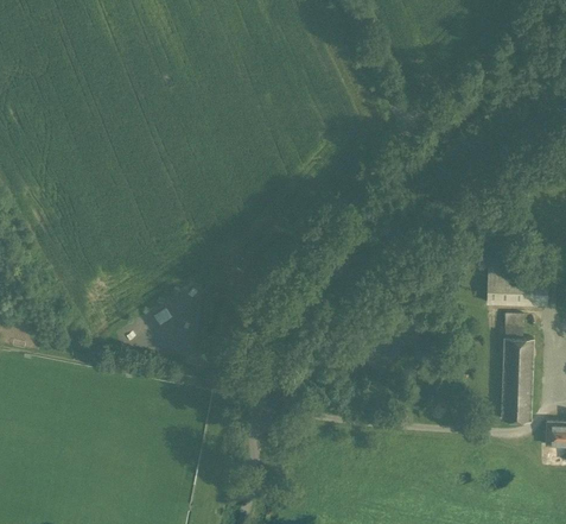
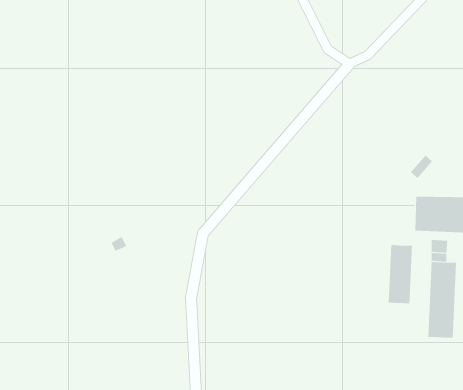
building: none -> [388,244,412,304]

